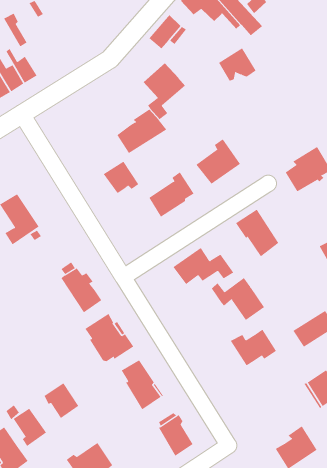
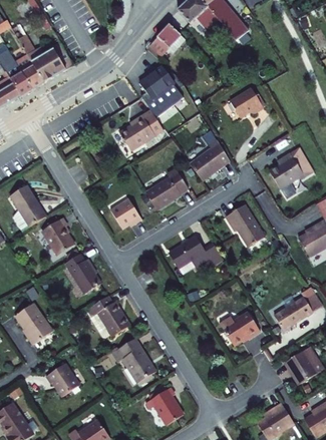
building: none -> [31,49,73,81]
building: [218,48,257,82] -> [228,87,263,118]
building: [103,161,139,194] -> [107,199,140,230]
building: none -> [41,219,73,259]
building: [211,277,265,321] -> none
building: none -> [17,300,54,343]
building: [13,408,47,447] -> none

